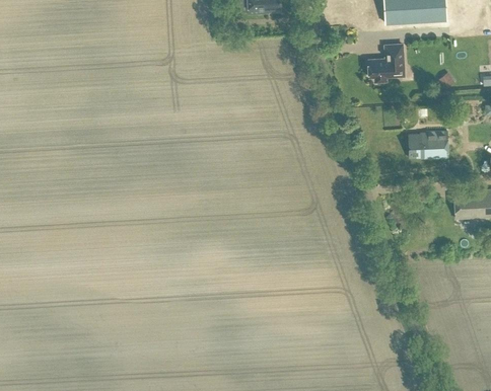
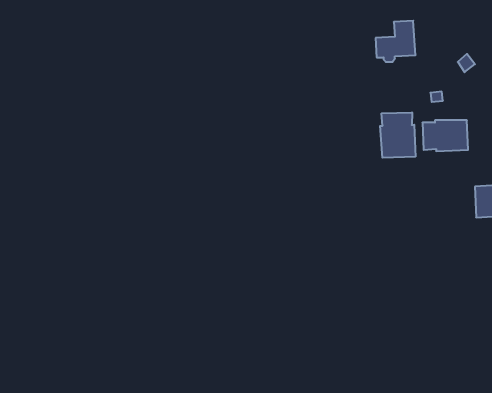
building: none -> [380,112,415,158]

